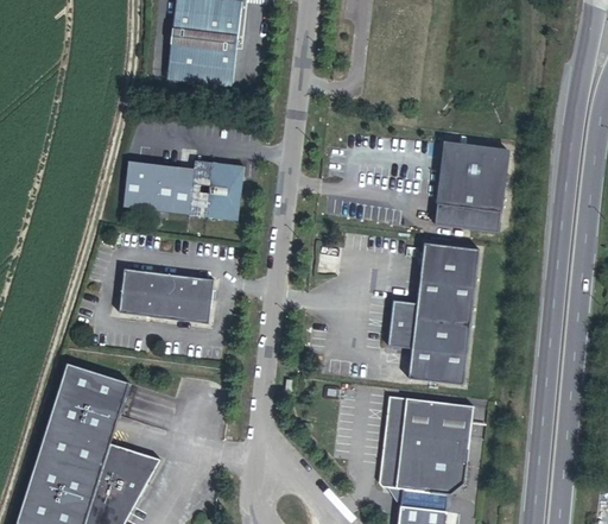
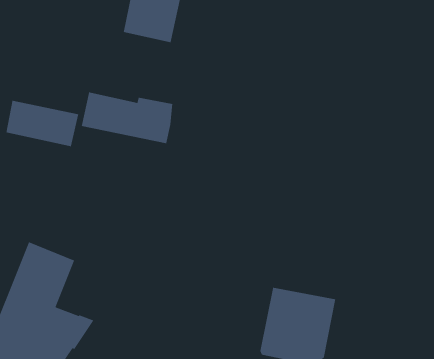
building: [437,141,511,229] -> none
building: [387,240,480,381] -> none
building: [118,269,211,323] -> [5,100,79,147]

